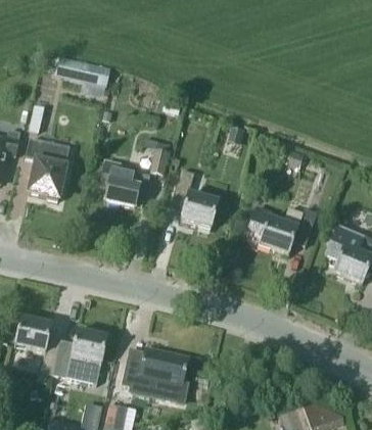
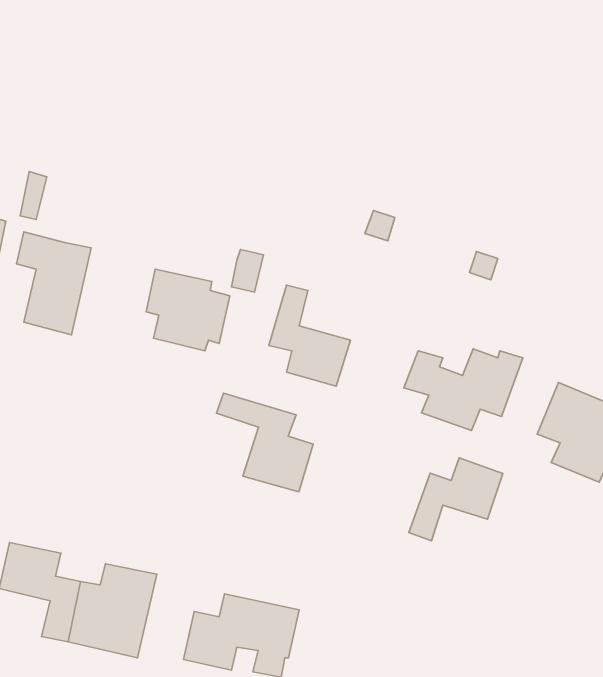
building: [54,57,109,87] -> none
building: none -> [216,393,313,492]
building: none -> [409,458,503,541]

